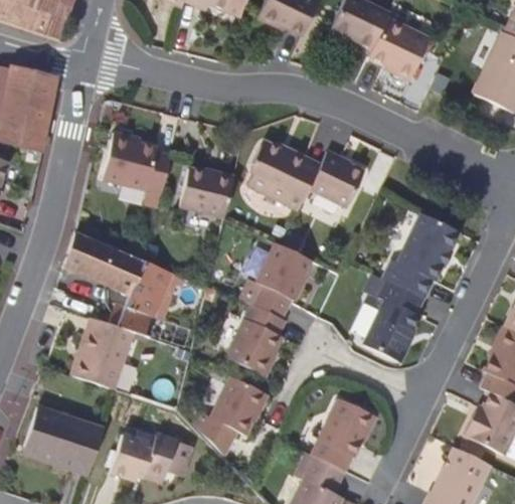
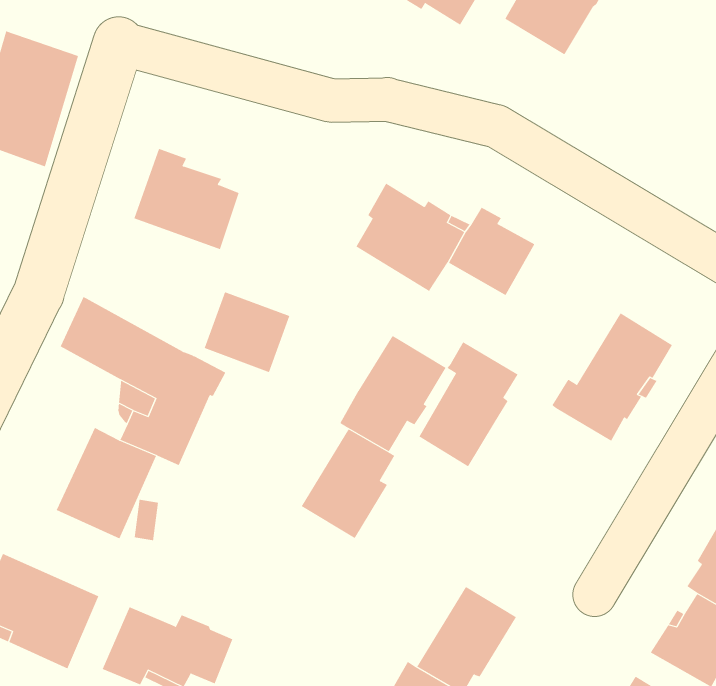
building: [370,14,431,77] -> none
building: [180,163,234,213] -> [204,291,290,373]
building: [364,278,425,359] -> [419,341,519,467]
building: [198,375,268,460] -> none

